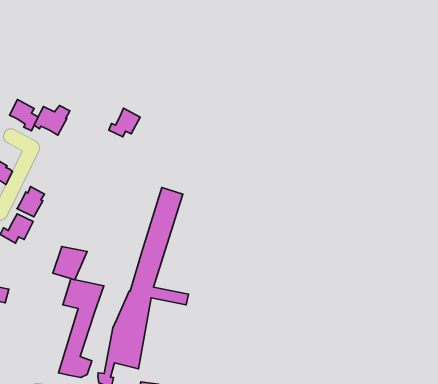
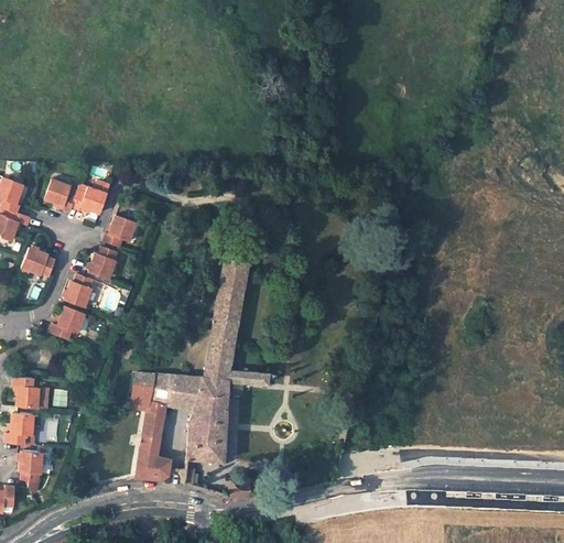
building: [109,108,140,137] -> [105,216,138,248]
building: none -> [90,248,118,281]
building: [53,246,87,280] -> [166,376,202,411]

